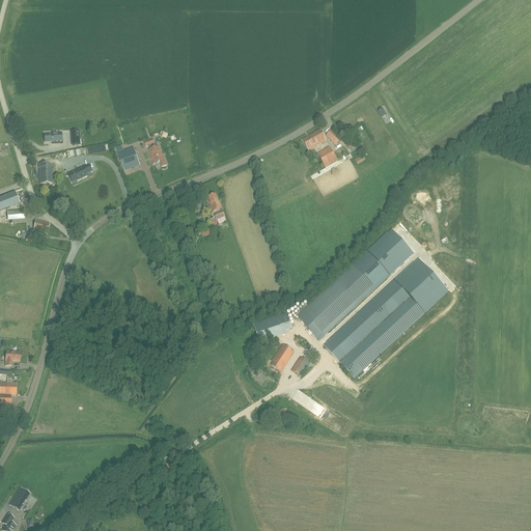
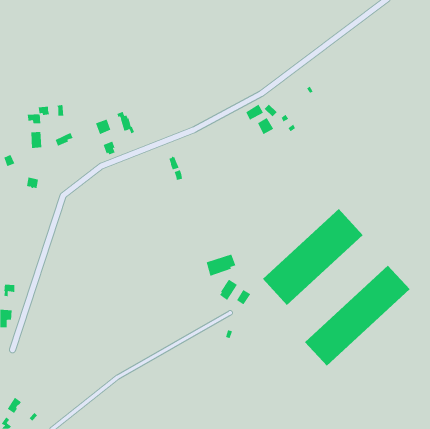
building: [297,227,412,338] -> none
building: none -> [304,265,411,366]

